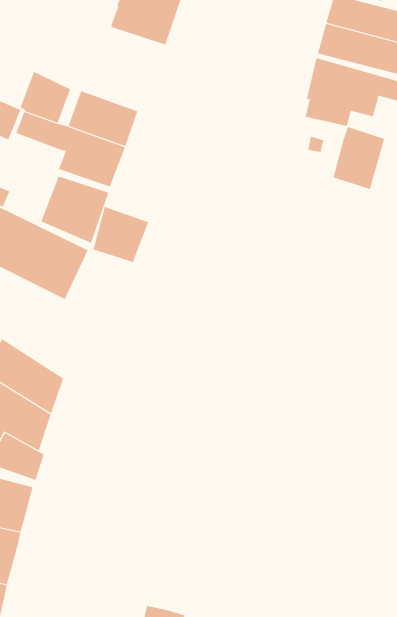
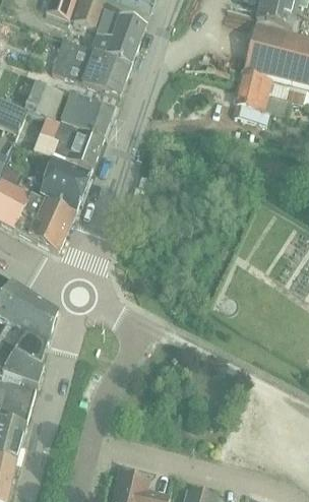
building: none -> [52,39,131,93]
building: [333,126,385,190] -> none
building: [93,206,149,263] -> none

